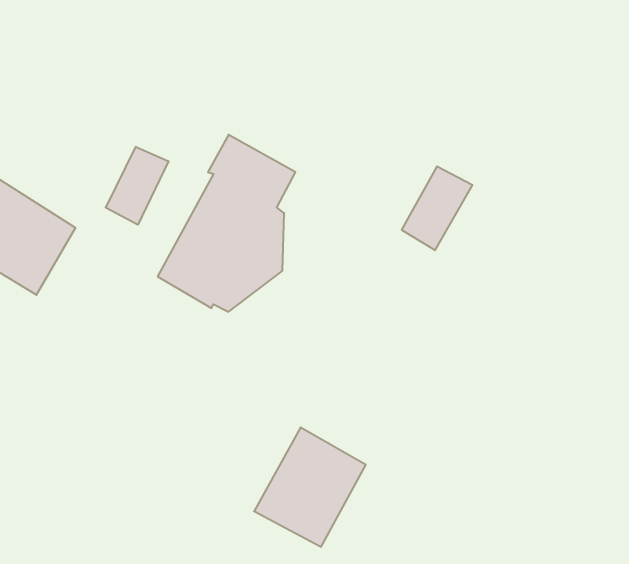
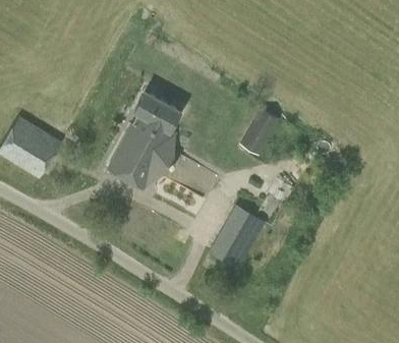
building: [106,147,169,225] -> none
building: [254,427,366,547] -> [209,206,270,271]

